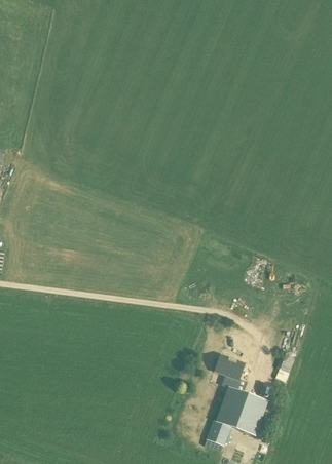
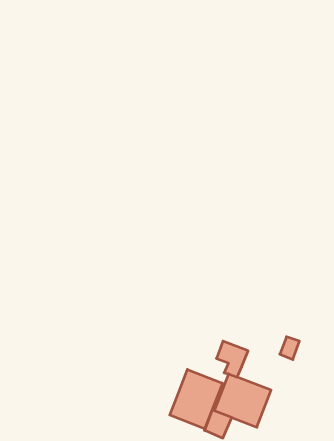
building: none -> [170,369,222,429]

